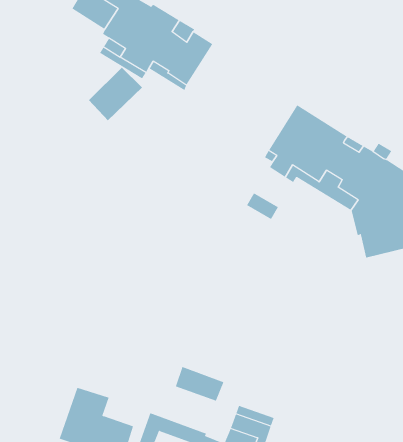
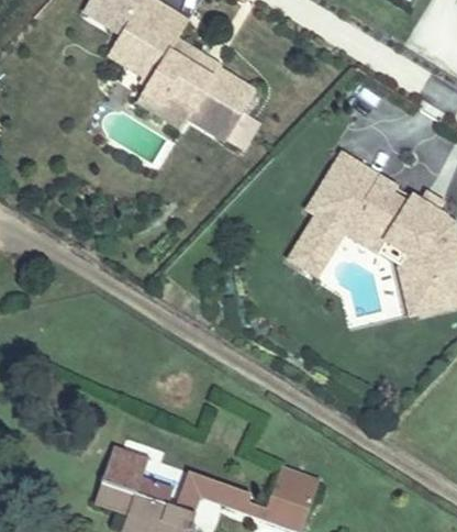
building: [88,67,143,121] -> none
building: none -> [297,218,338,259]
building: [175,366,224,401] -> none

